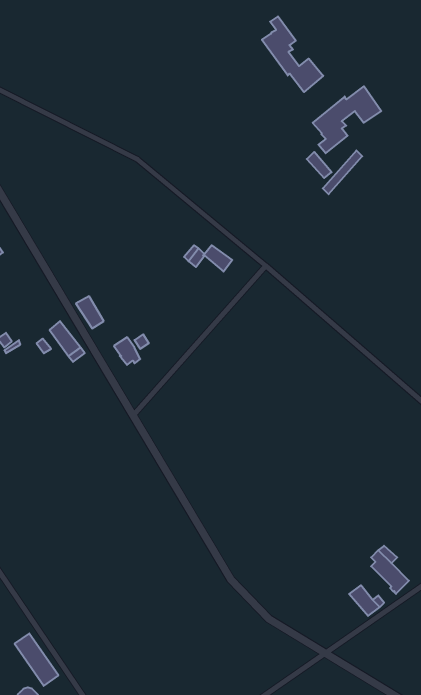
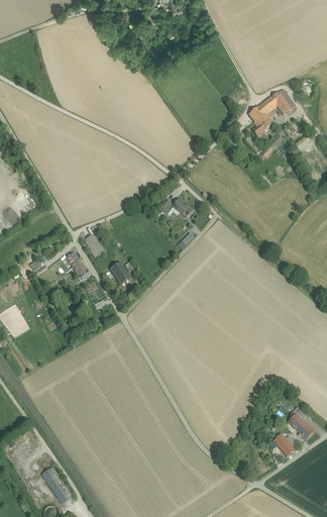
building: [262,16,323,92] -> none

